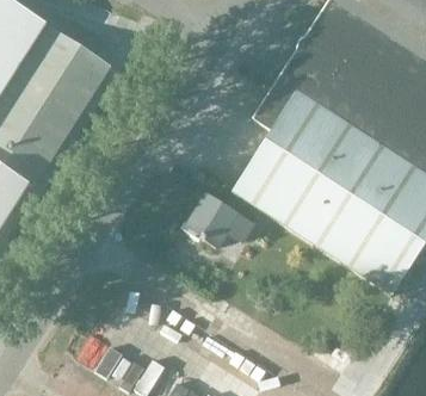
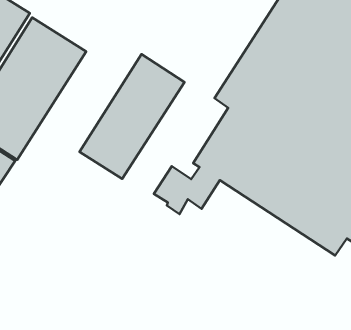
building: none -> [79,54,184,179]

